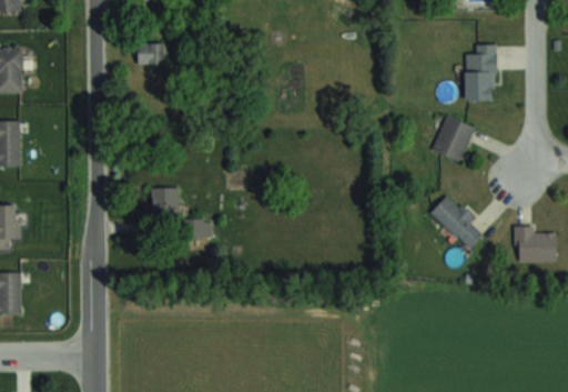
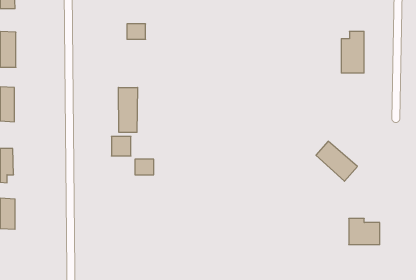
building: [139,43,164,64] -> [127,24,146,39]
building: [432,115,475,162] -> none
building: none -> [118,87,138,132]
building: [514,227,556,262] -> [349,219,380,245]

